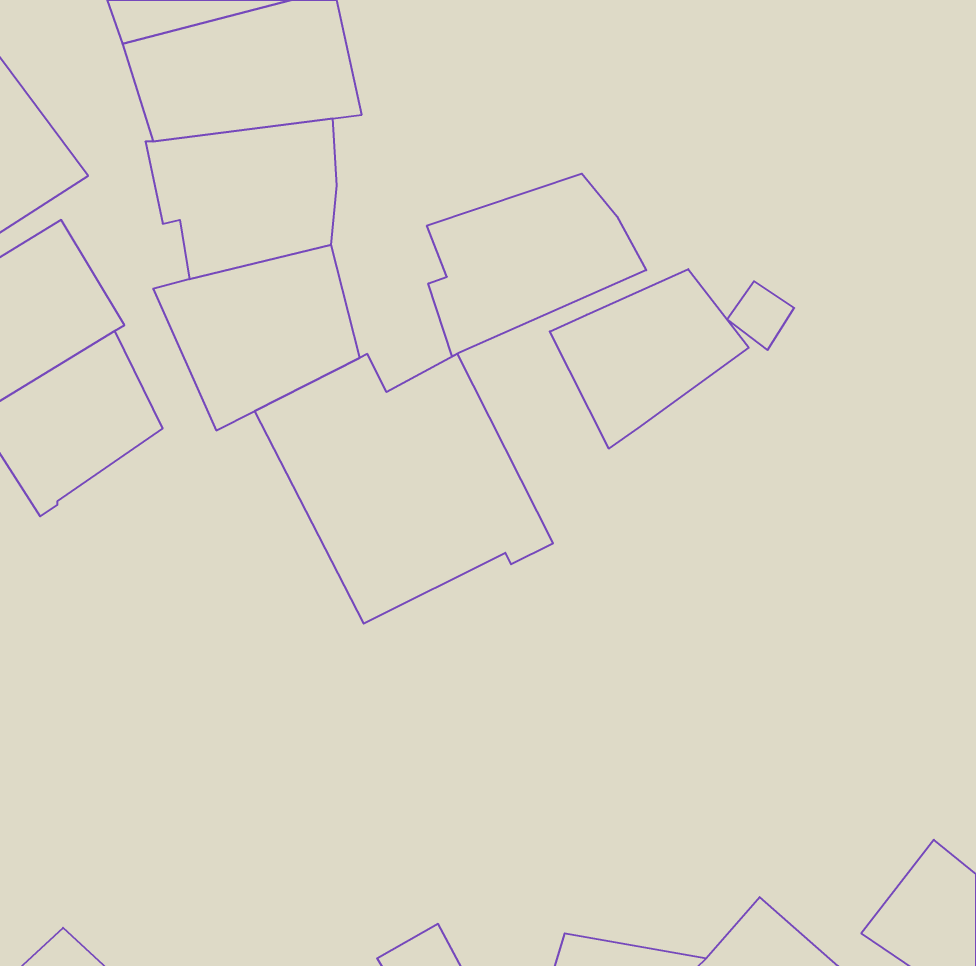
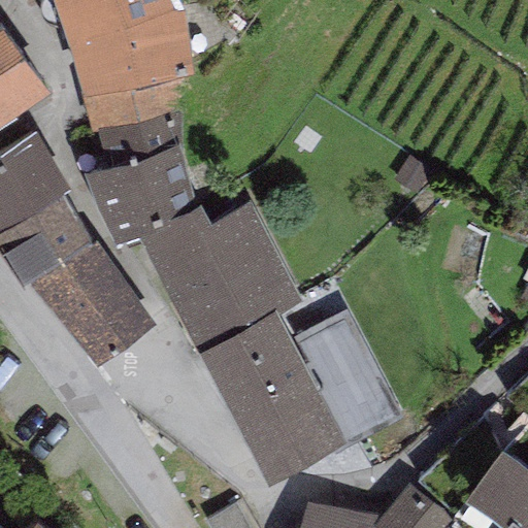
building: [427,174,646,357] -> none
building: [550,269,749,449] -> none
building: none -> [31,233,155,364]
building: none -> [196,304,401,477]

